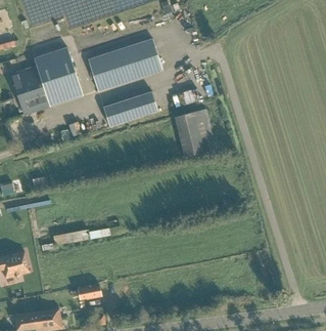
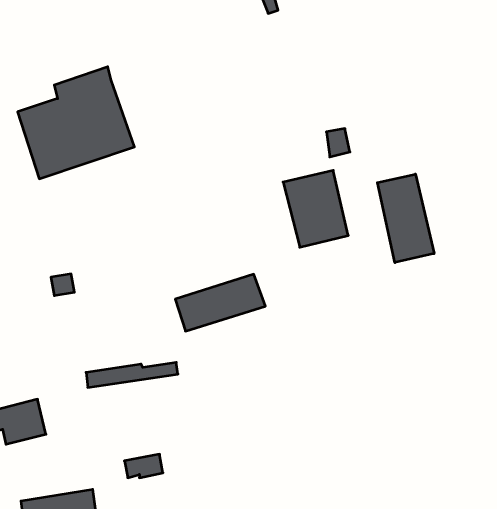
building: [89,40,162,91] -> none
building: [102,92,157,127] -> [175,274,265,331]
building: none -> [377,174,434,263]

